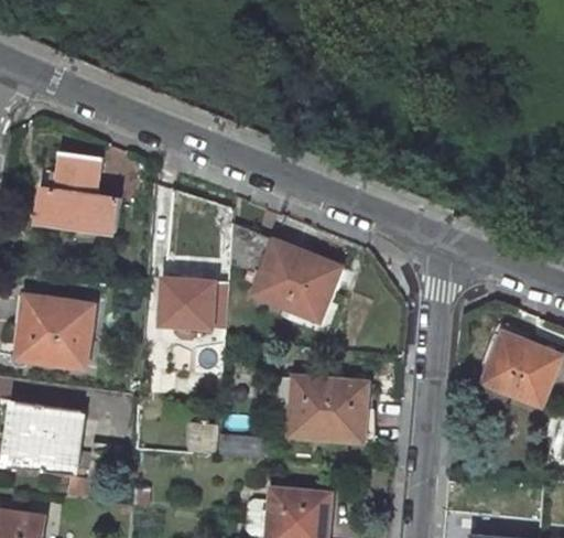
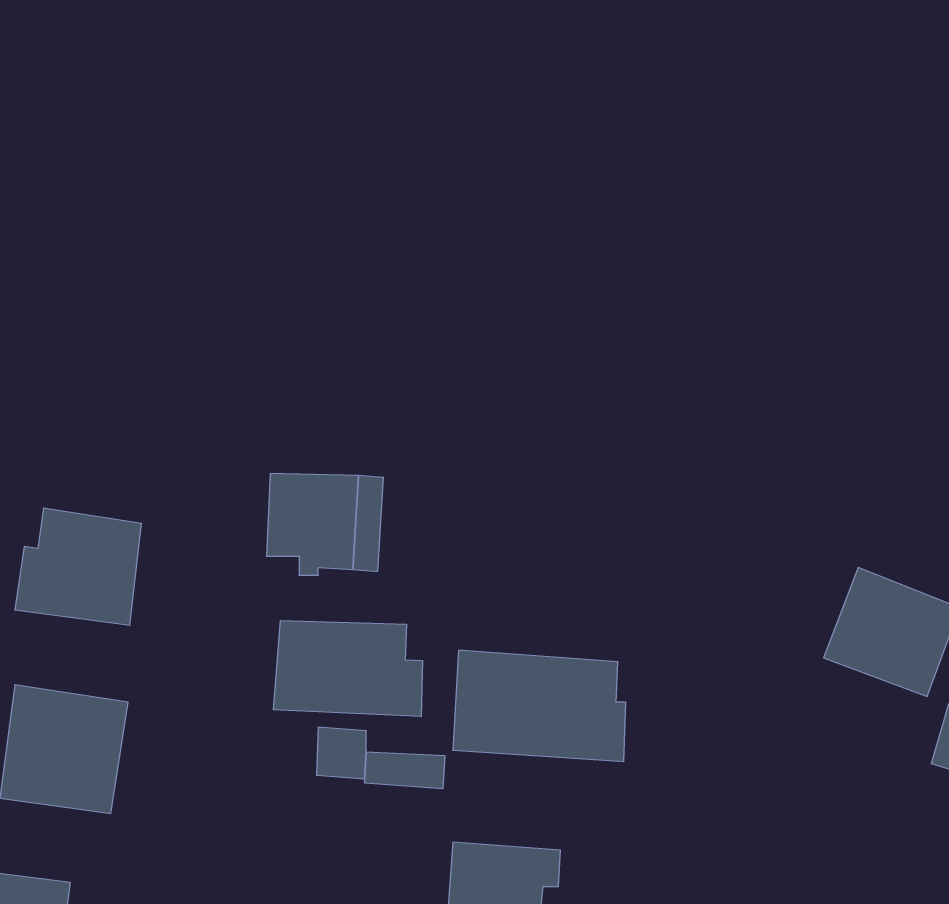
building: [35,149,132,236] -> none
building: [229,227,337,324] -> none
building: none -> [274,620,422,717]

